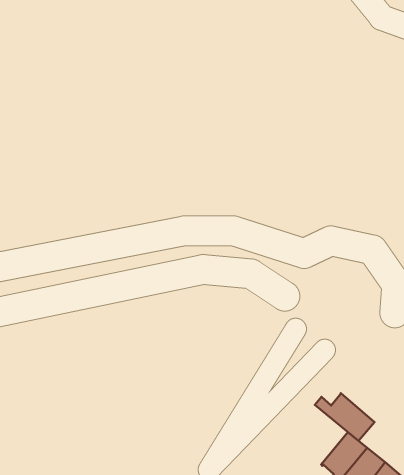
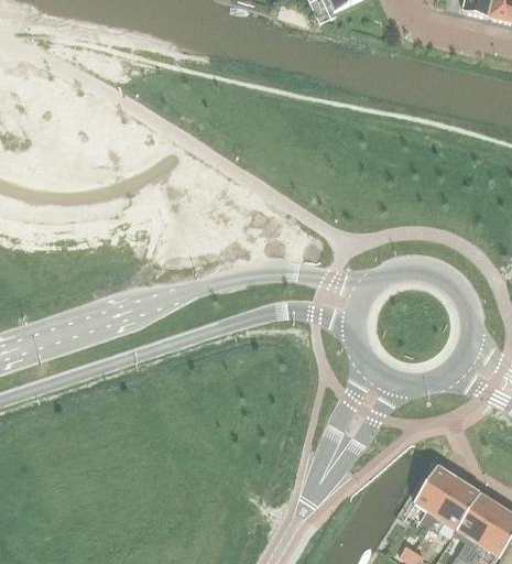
building: [315,393,374,441] -> none

